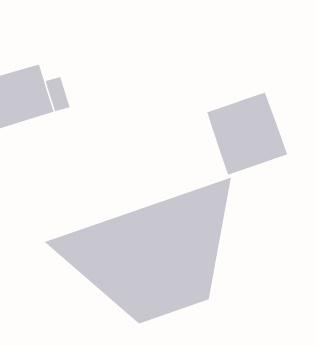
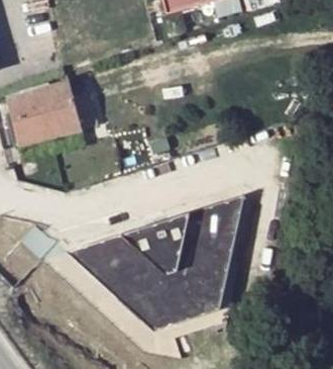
building: [206,92,288,175] -> none

